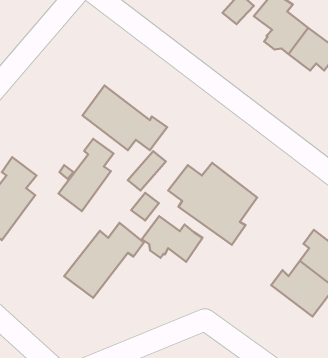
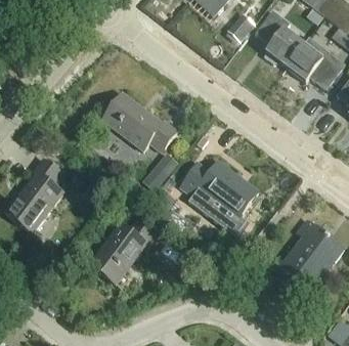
building: [59,139,114,211] -> none
building: [142,216,202,262] -> none

